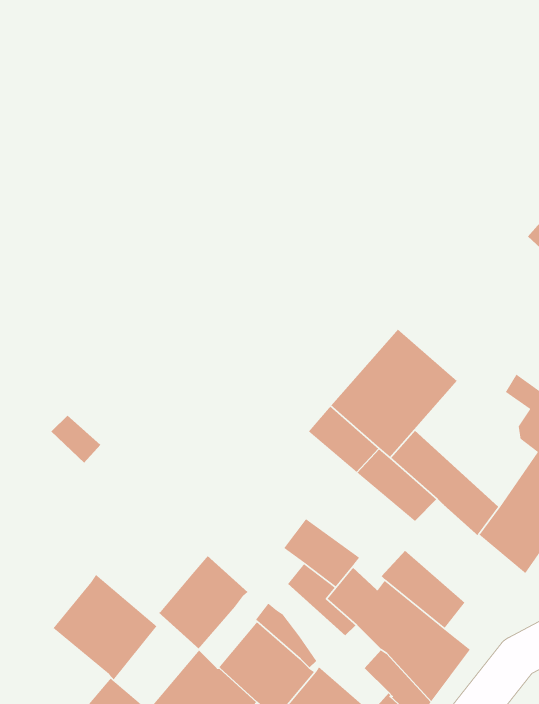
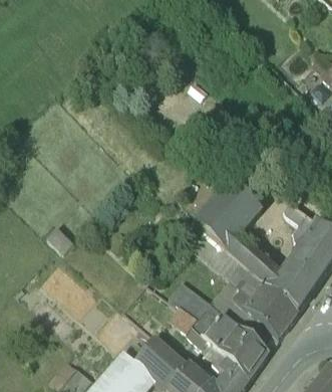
building: none -> [234,274,298,338]
building: [158,555,249,649] -> none
building: [52,574,157,680] -> none

